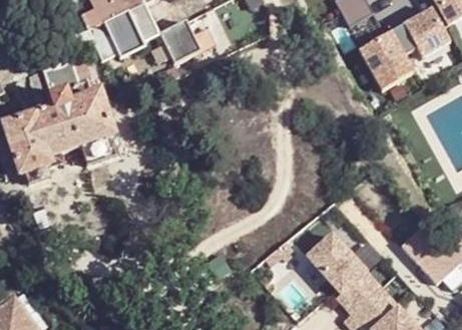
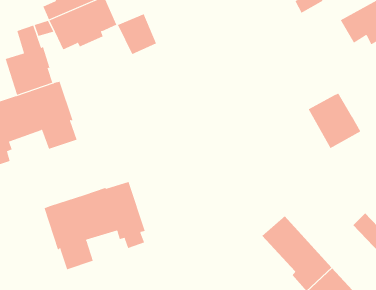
building: [358,30,413,88] -> [308,93,361,149]
building: none -> [44,181,146,270]

